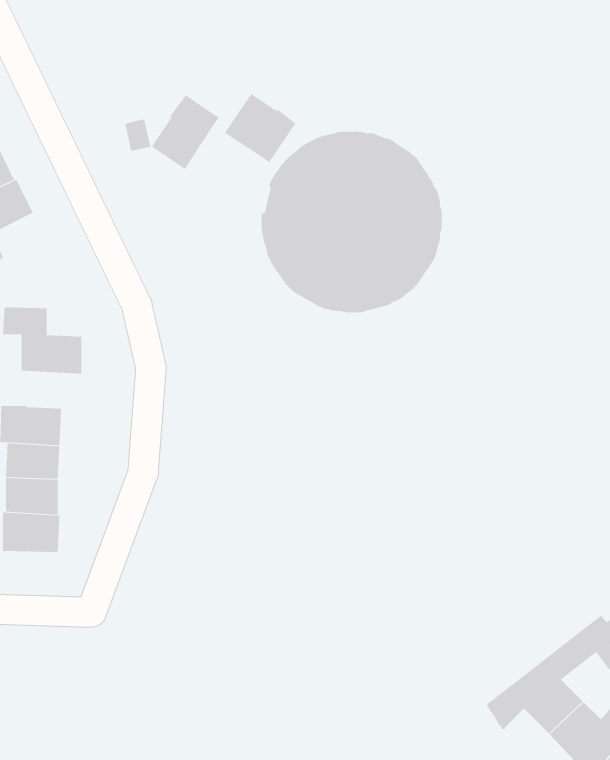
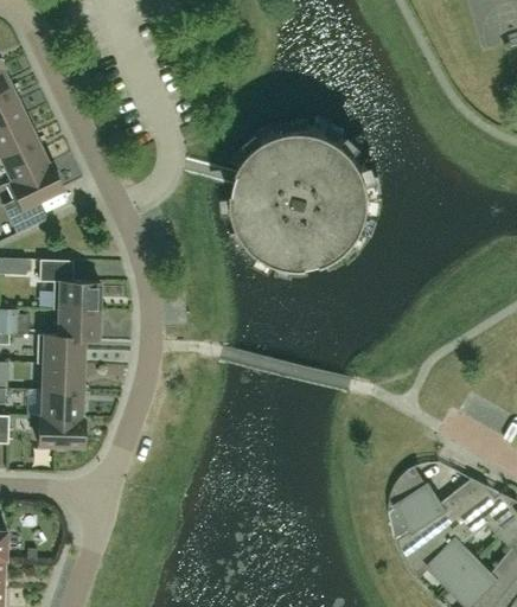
building: [224,93,296,163] -> none
building: [151,95,220,170] -> none
building: none -> [52,309,98,339]
building: none -> [389,466,491,562]

